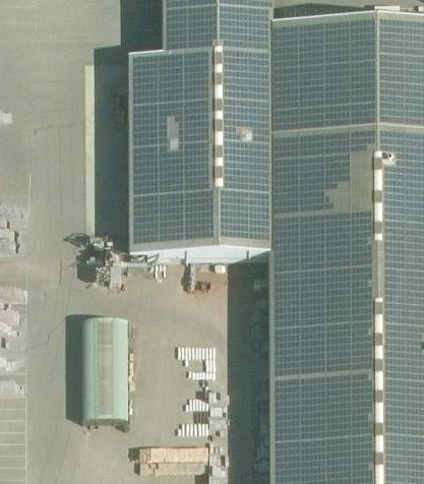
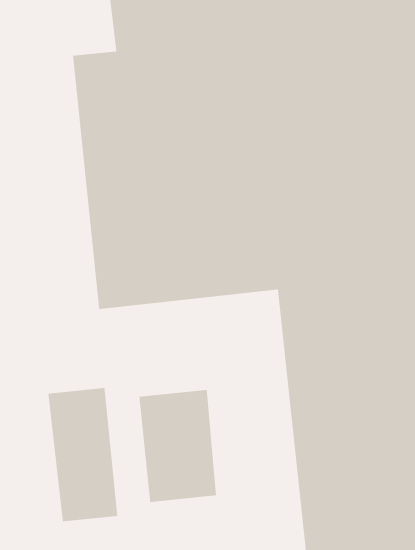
building: none -> [139,389,217,503]

